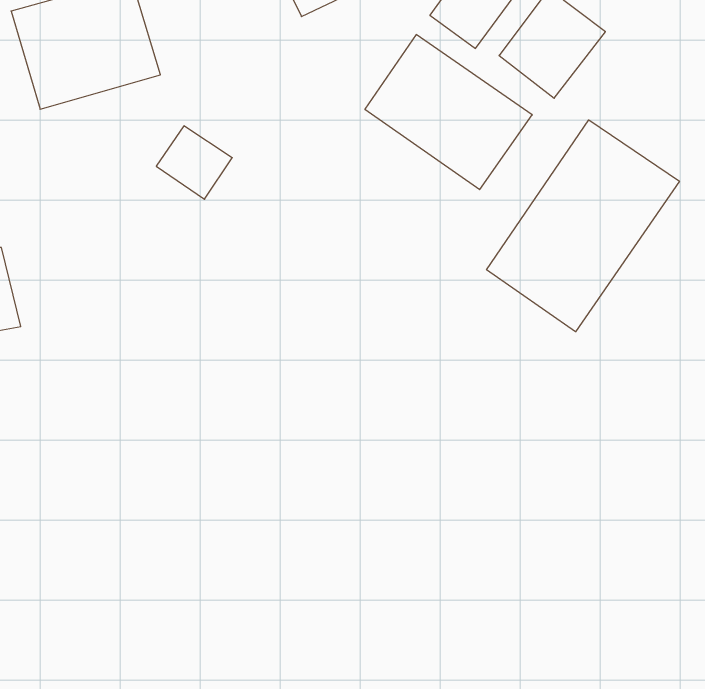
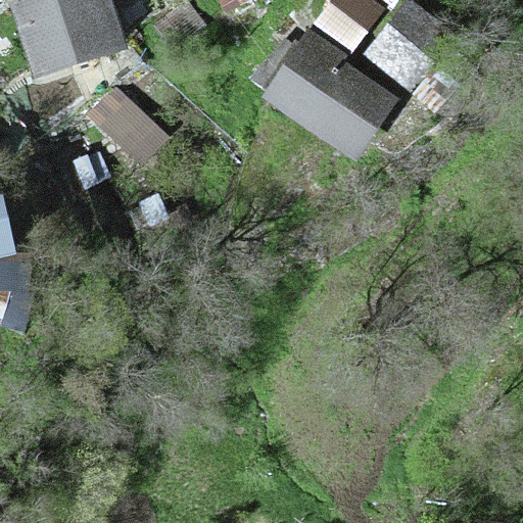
building: [487,120,679,332] -> none

